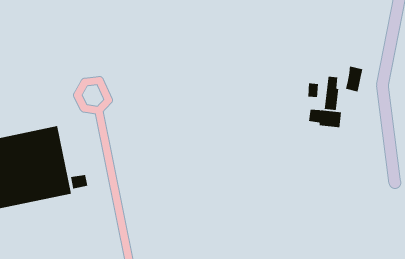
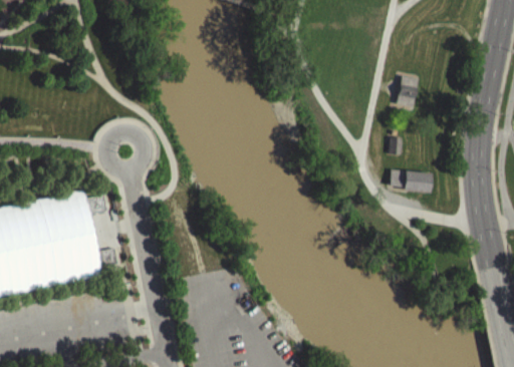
building: [345,66,363,92] -> [397,75,419,107]
building: [324,76,339,111] -> none

